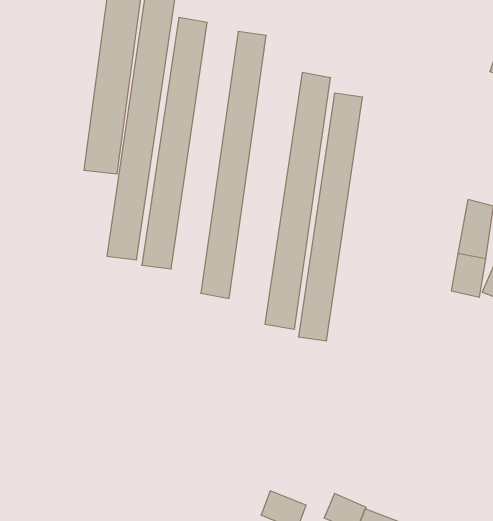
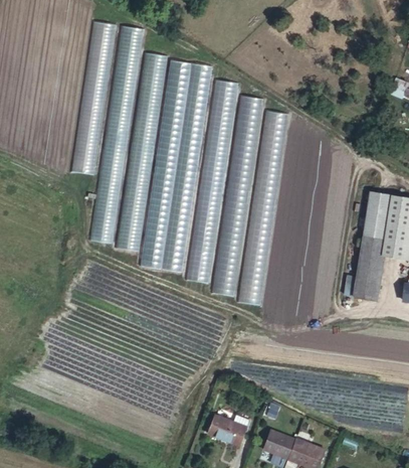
building: none -> [140,59,192,268]
building: none -> [187,80,238,282]
building: none -> [354,266,381,299]

